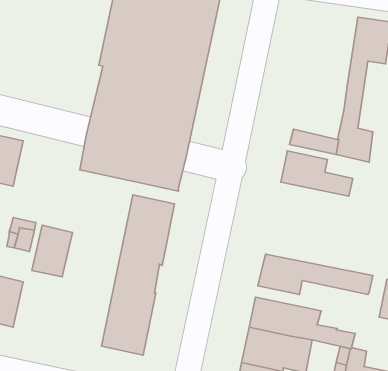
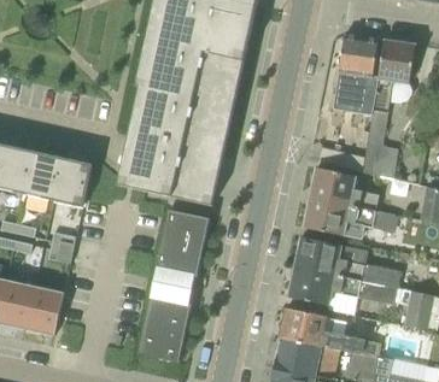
building: none -> [336,34,379,128]
building: none -> [304,196,399,237]
building: none -> [295,236,402,286]
building: [32,225,72,277] -> [54,157,93,206]

